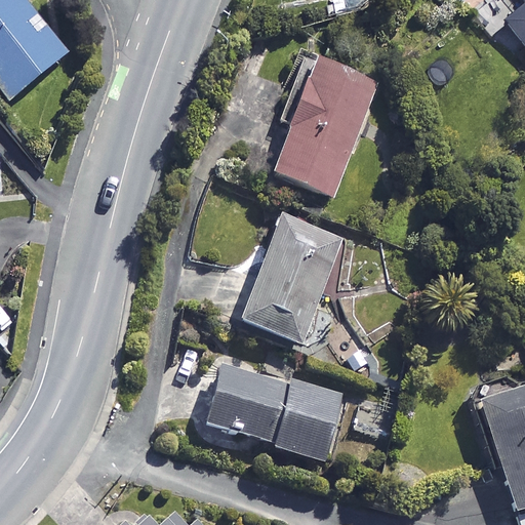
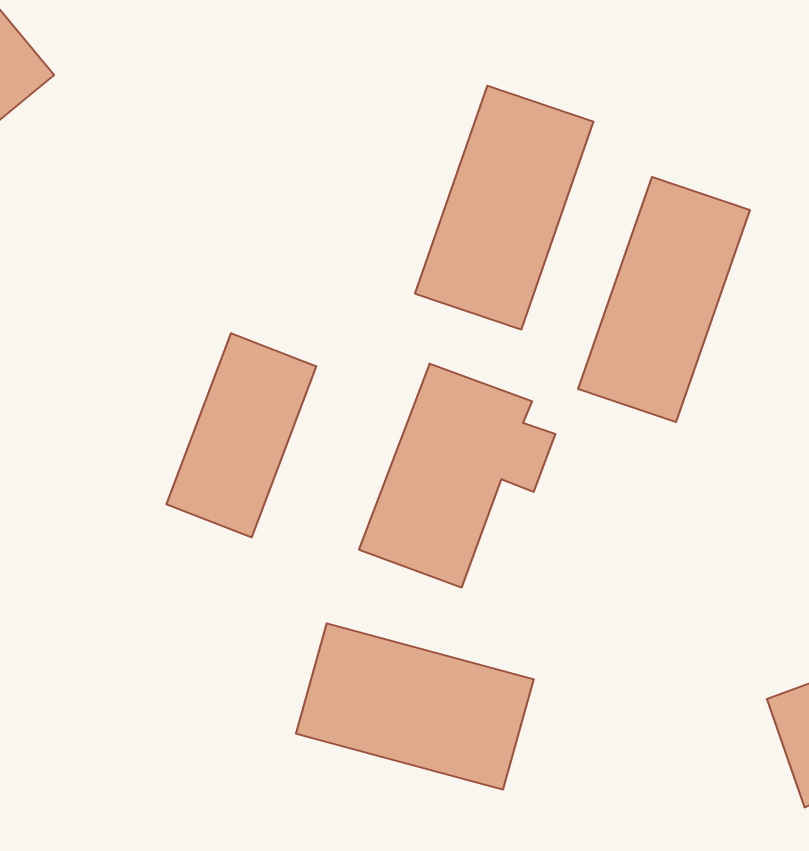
building: none -> [578,177,750,422]
building: none -> [166,333,316,537]

